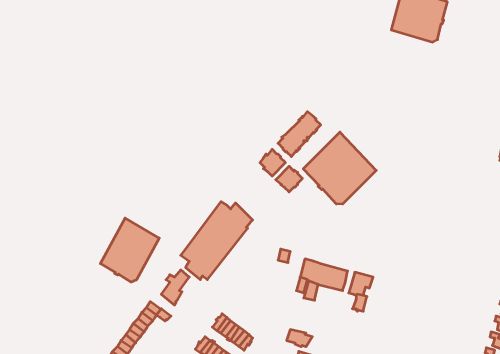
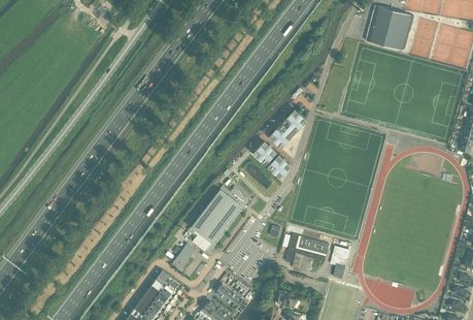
building: [303,132,376,204] -> none
building: [100,218,159,282] -> none

